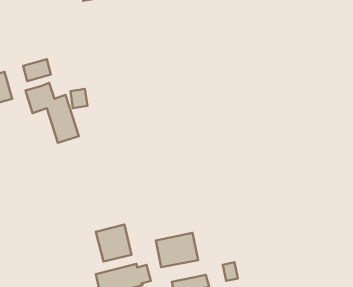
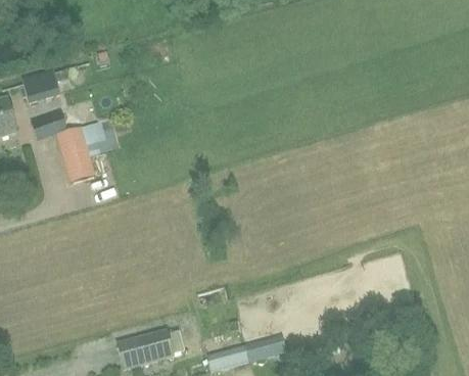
building: [96,225,132,262] -> none
building: [156,233,198,267] -> none

